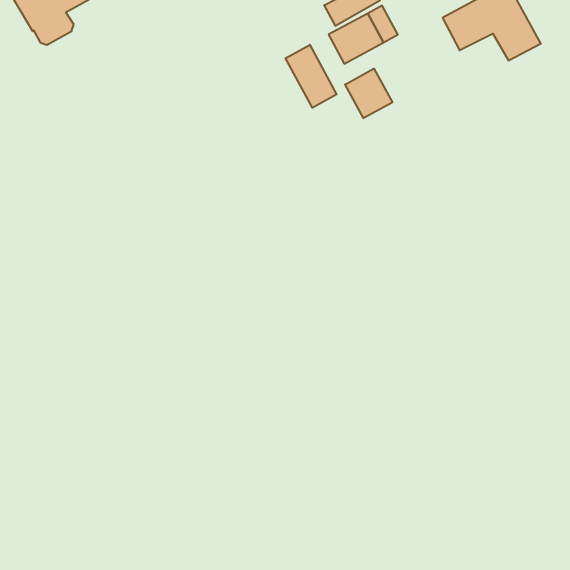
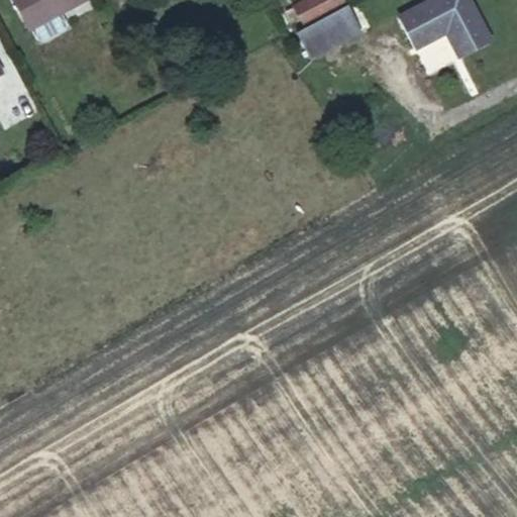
building: [286,45,337,108] -> none
building: [345,69,392,118] -> none

